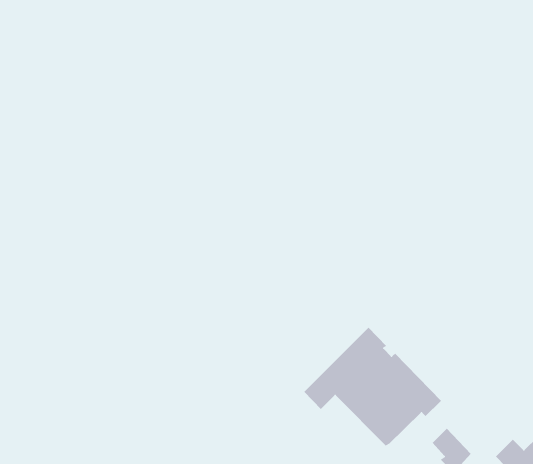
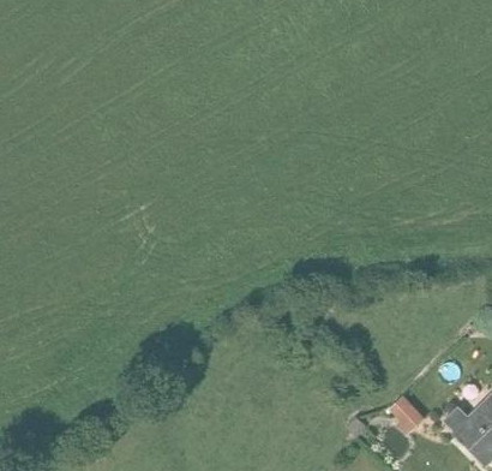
building: [303,327,442,446] -> none

